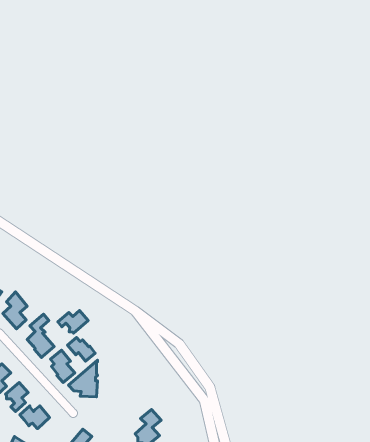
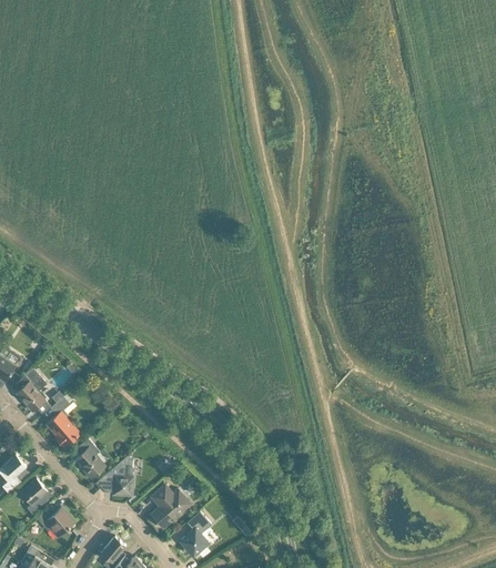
building: [58,310,88,333] -> none
building: [68,338,95,361] -> none
building: none -> [151,484,192,528]

